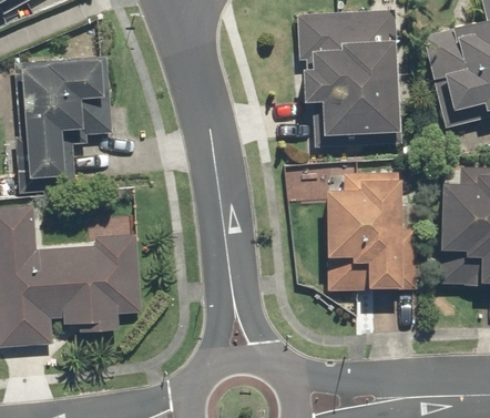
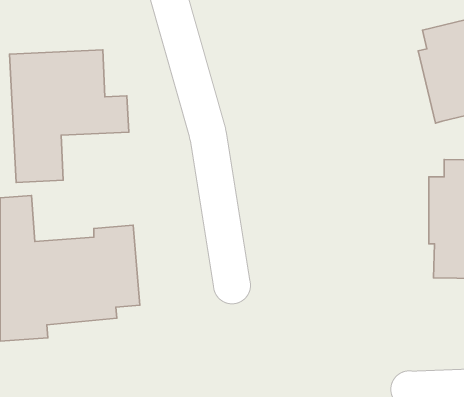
building: [299,12,398,147] -> none
building: [324,172,401,290] -> none

